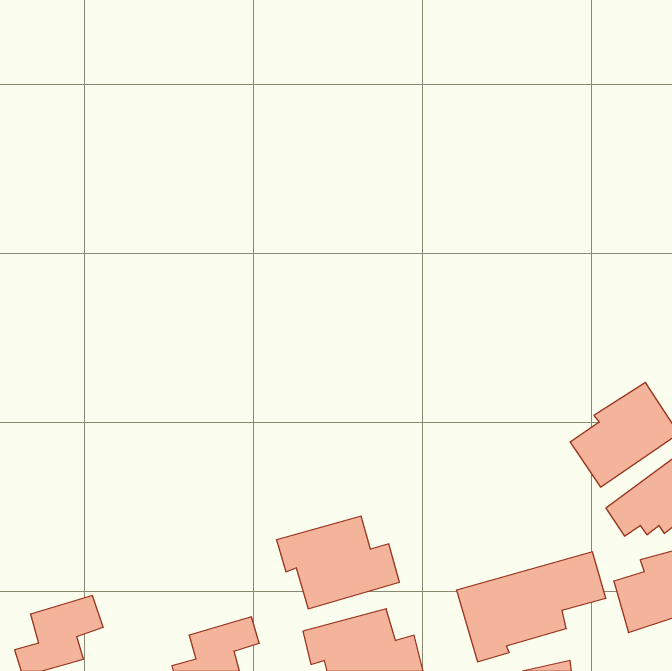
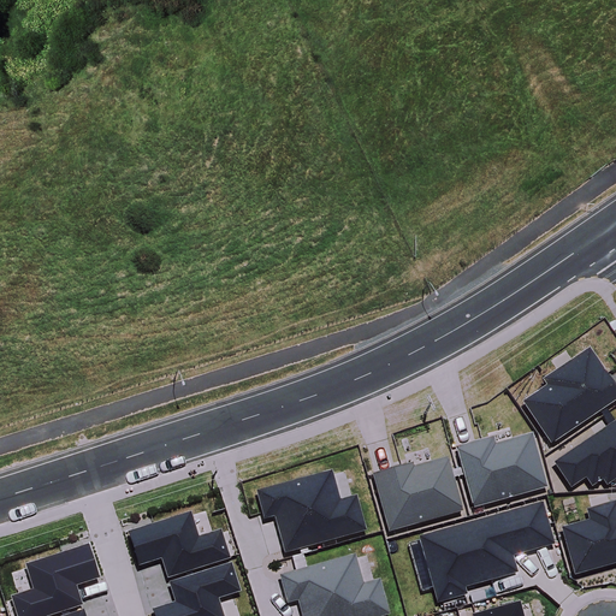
building: none -> [456,433,547,508]
building: none -> [372,457,463,532]
building: none -> [134,511,226,567]

